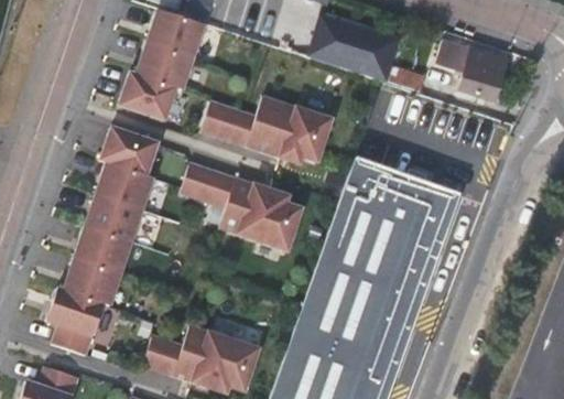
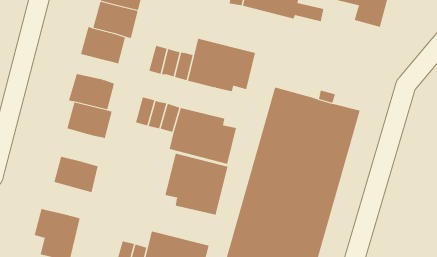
building: [87,193,143,241] -> none
building: none -> [165,153,228,215]
building: [65,257,122,305] -> none

